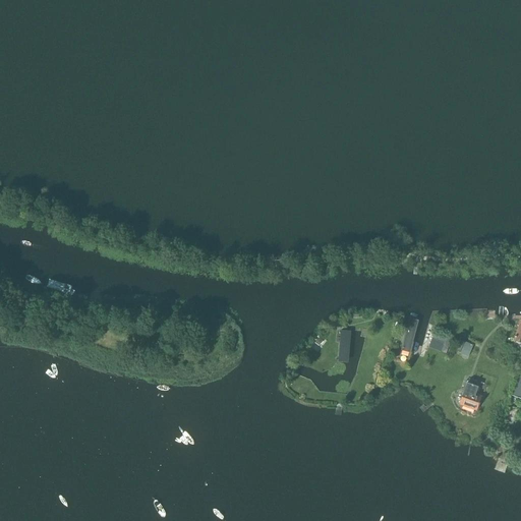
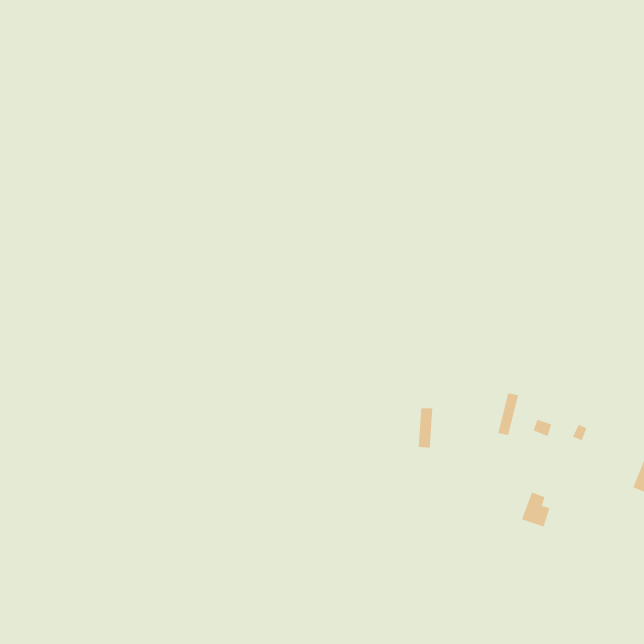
building: [460,382,483,410] -> [521,492,550,527]

